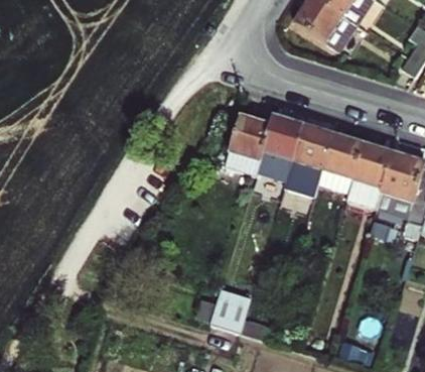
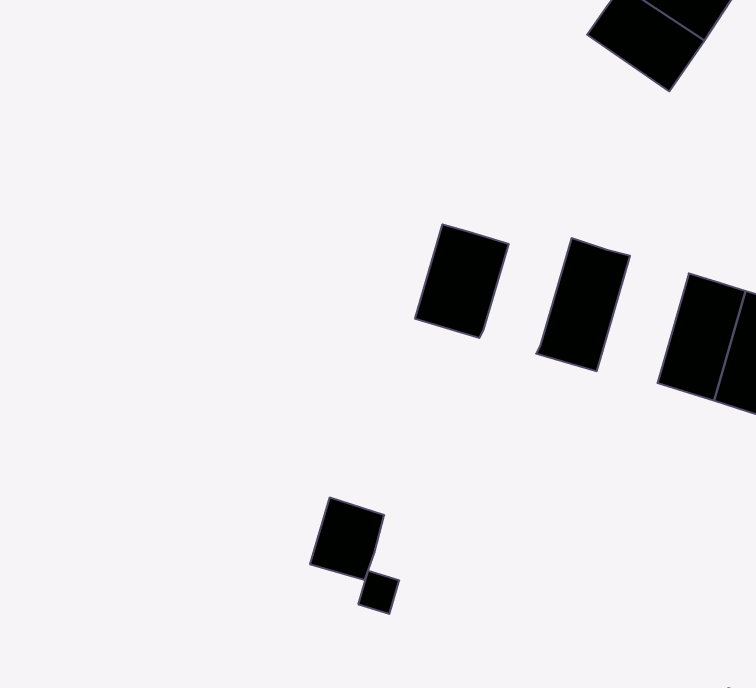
building: [257,114,302,178] -> none
building: [318,132,363,191] -> none
building: [211,286,250,329] -> [310,498,384,580]

